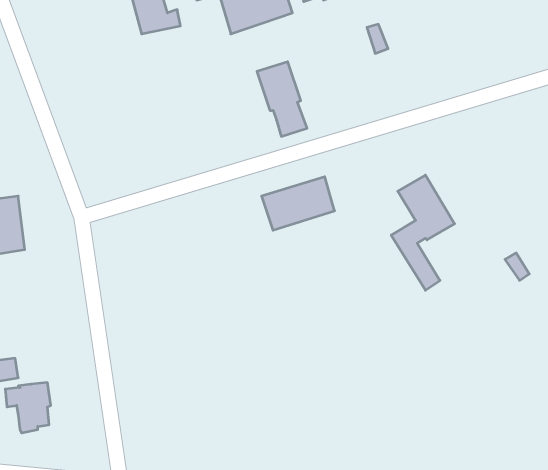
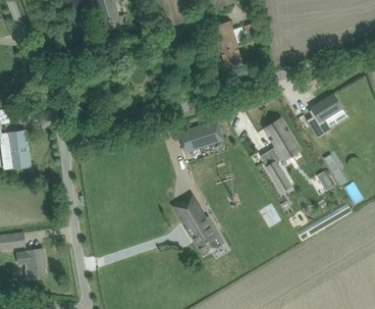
building: [257,62,307,136] -> [211,20,243,67]
building: none -> [307,93,342,139]
building: none -> [173,203,224,255]

